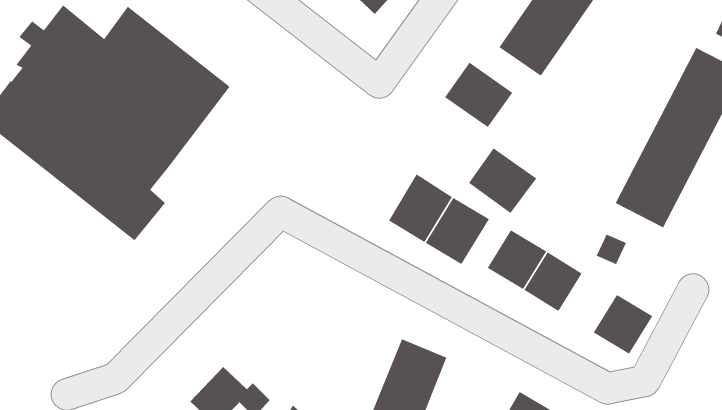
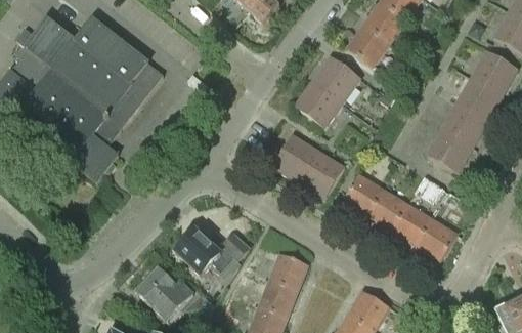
building: [468,148,537,214] -> [293,81,341,127]
building: none -> [390,204,430,245]
building: none -> [174,230,249,275]

